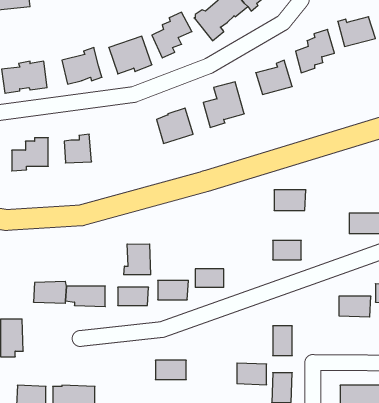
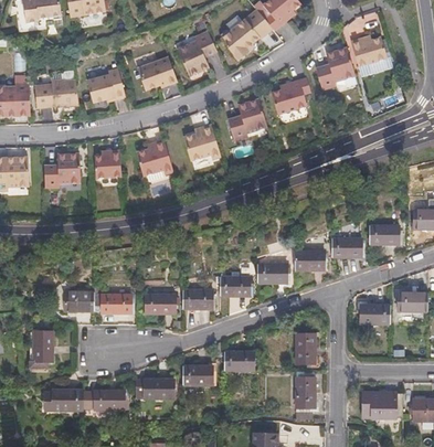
building: none -> [135,138,171,171]
building: [274,190,306,210] -> [332,237,363,257]
building: [124,244,151,275] -> none
building: none -> [258,264,287,281]
building: [237,363,267,385] -> [222,352,251,373]
building: none -> [135,380,173,397]

